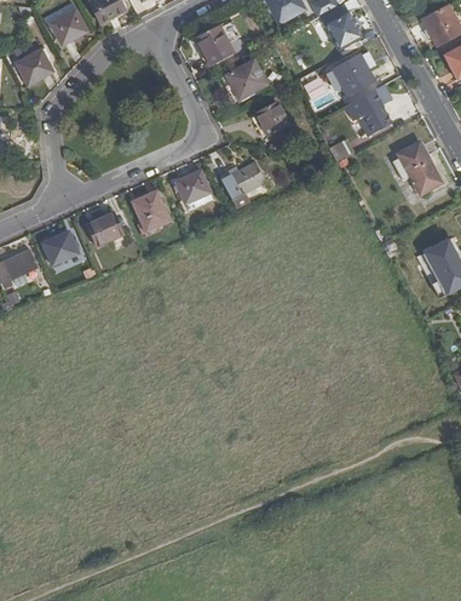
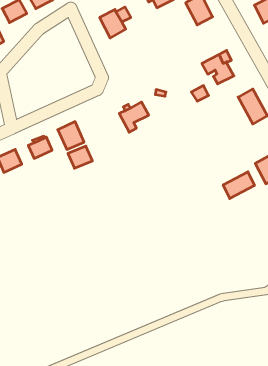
building: [333,55,374,96] -> none
building: [219,58,266,102] -> none
building: [255,103,290,137] -> none
building: [175,171,212,204] -> [68,146,92,168]
building: none -> [223,172,254,199]

